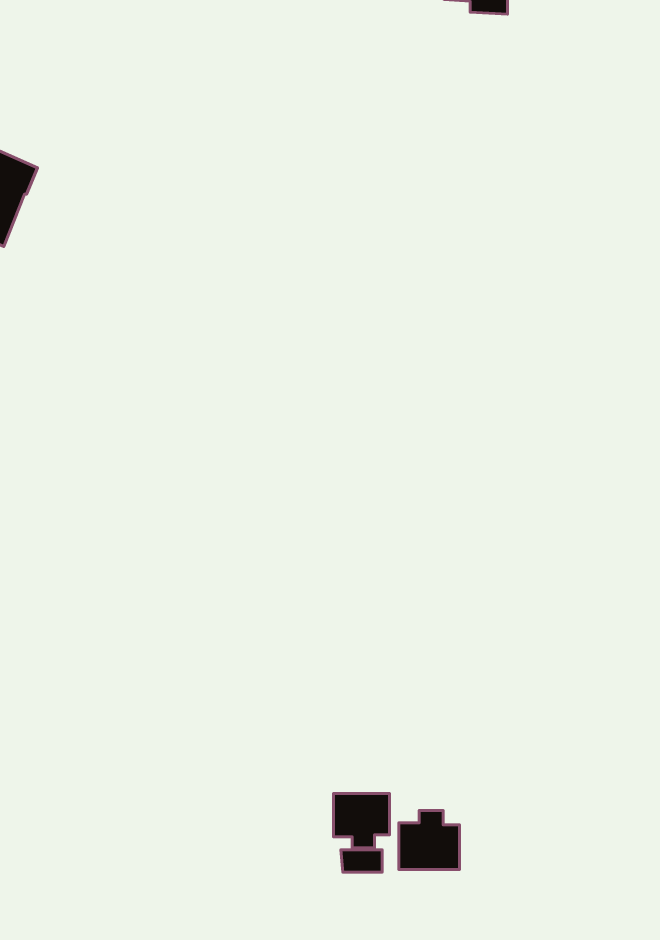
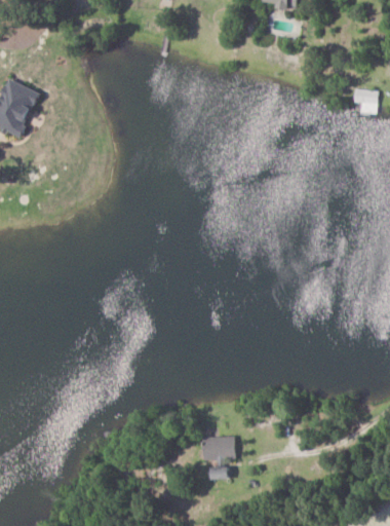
building: none -> [351,89,376,113]
building: [399,811,459,869] -> none

